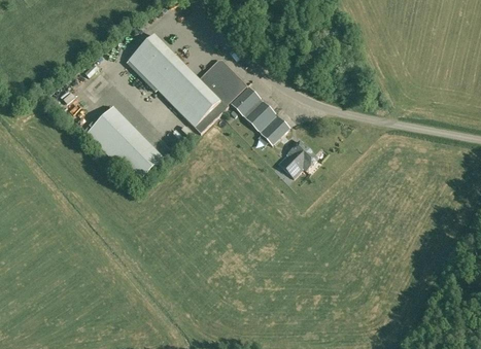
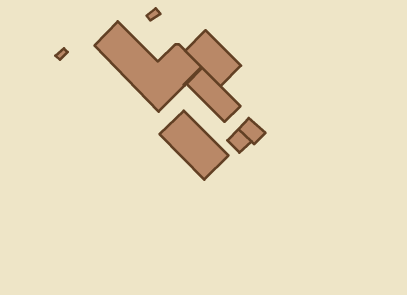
building: none -> [185,30,241,86]
building: [85,107,162,183] -> [160,111,228,180]

